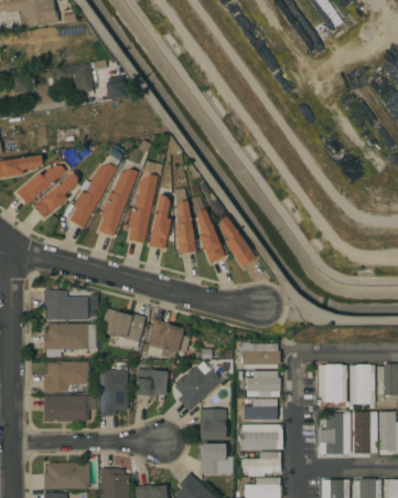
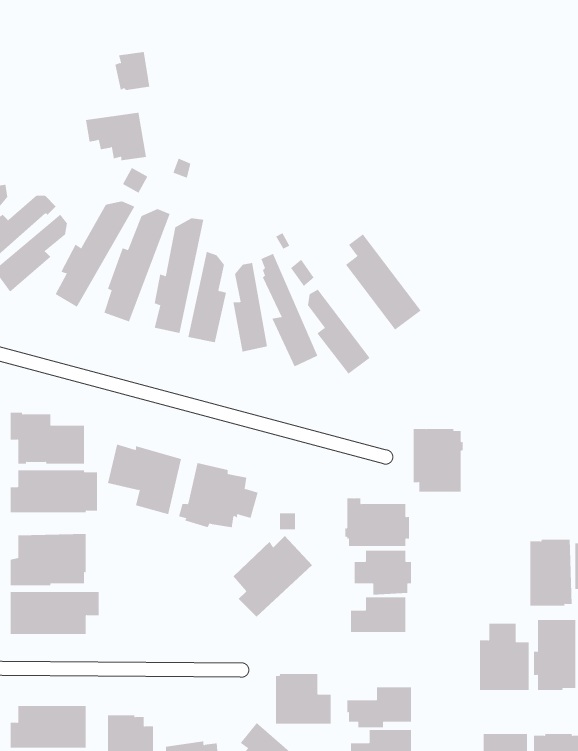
building: [57,64,94,93] -> [85,112,147,161]
building: none -> [345,233,421,331]
building: [98,362,127,416] -> none
building: [318,364,347,402] -> [413,429,463,492]
building: [135,368,174,395] -> none
building: [200,410,226,439] -> none
building: [243,424,282,449] -> none

